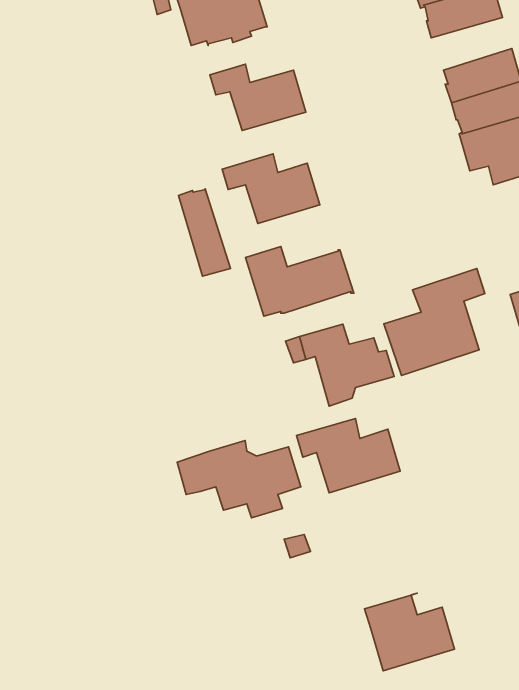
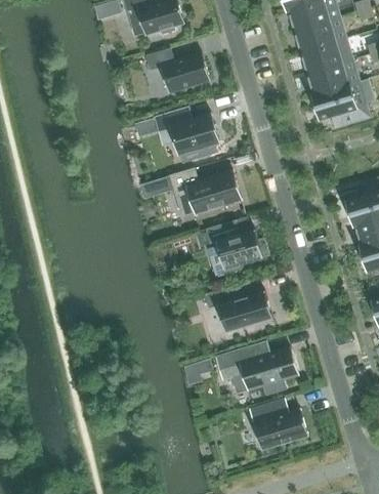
building: none -> [294,18,347,53]
building: [178,189,230,276] -> none
building: [384,269,485,376] -> none
building: [177,440,301,518] -> [217,344,299,396]

